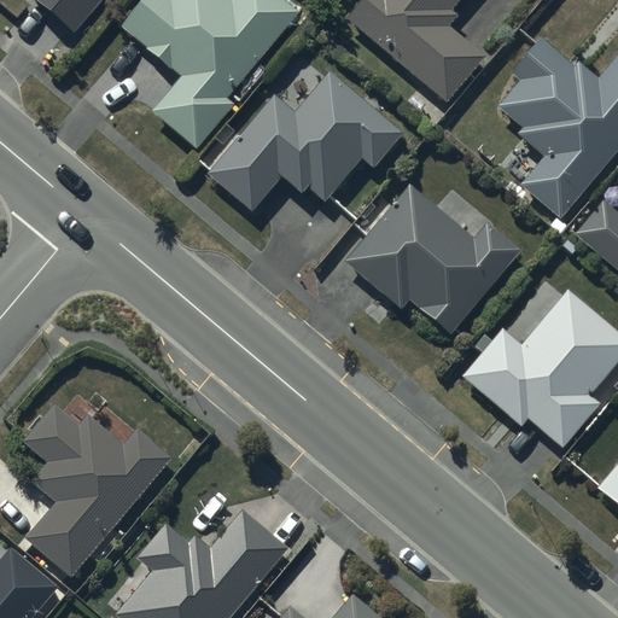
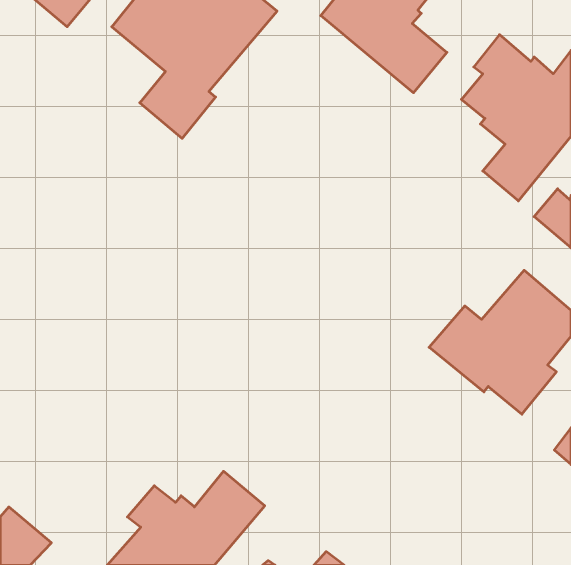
building: [210,70,403,209] -> none
building: [345,185,519,332] -> none
building: [24,407,170,576] -> none

